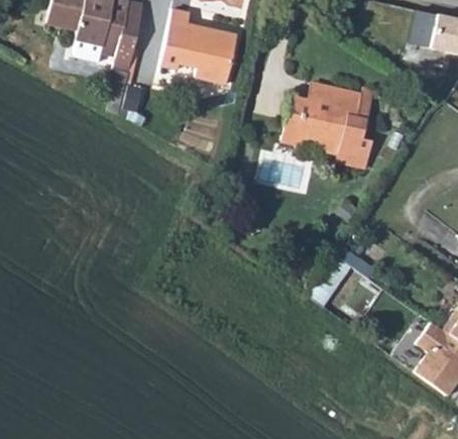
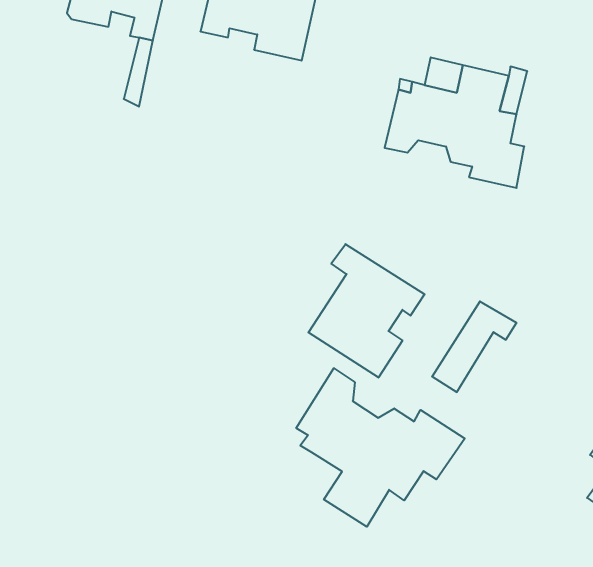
building: none -> [308,244,425,378]
building: none -> [296,368,465,527]

